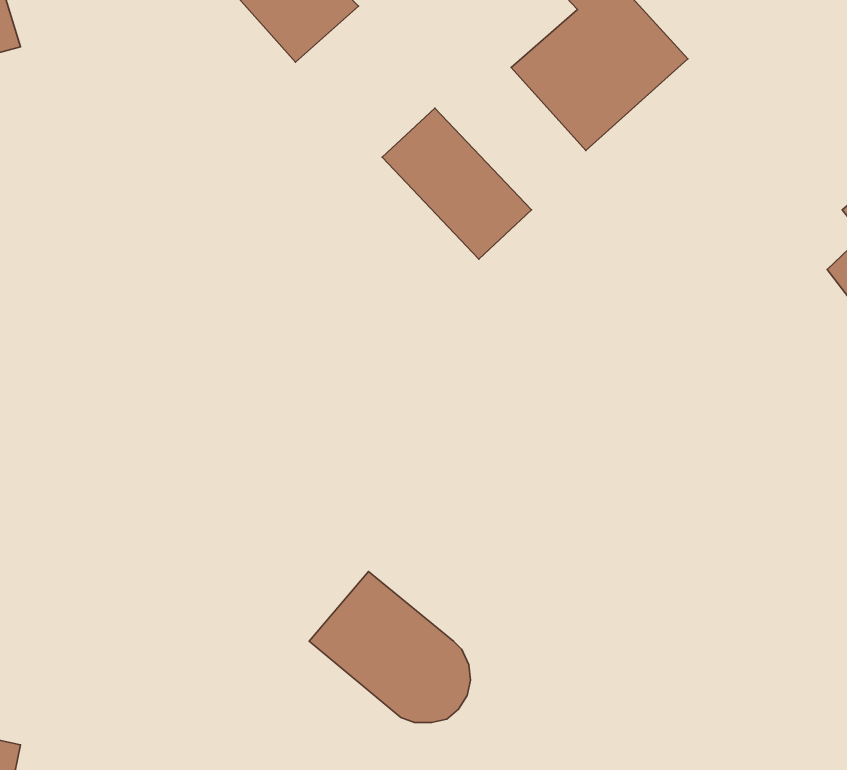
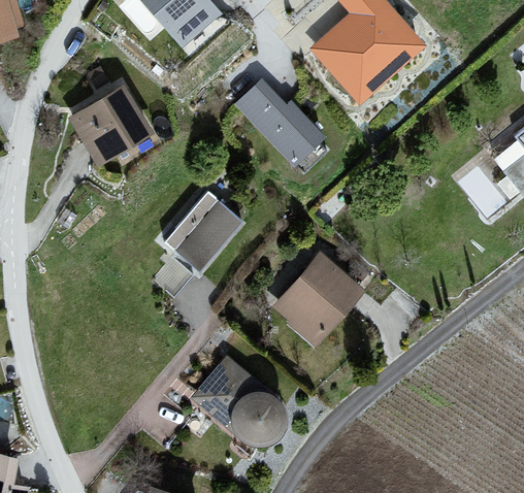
building: none -> [72,89,149,162]
building: none -> [166,195,239,270]
building: none -> [274,256,359,341]

